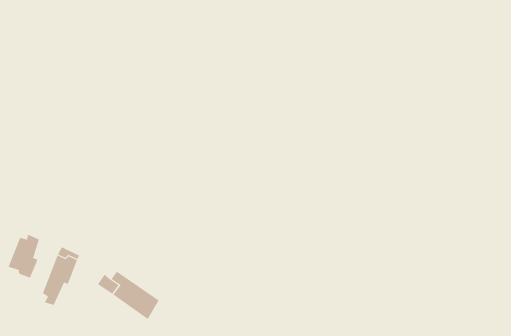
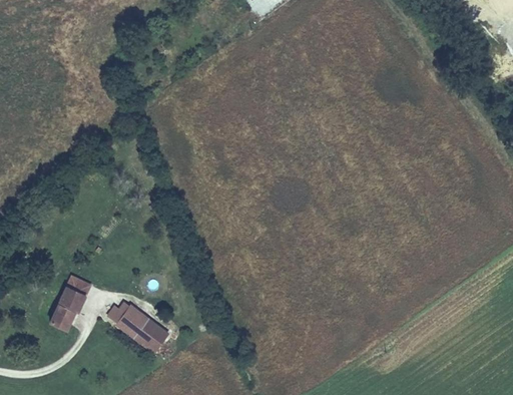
building: [8,234,39,278] -> none

